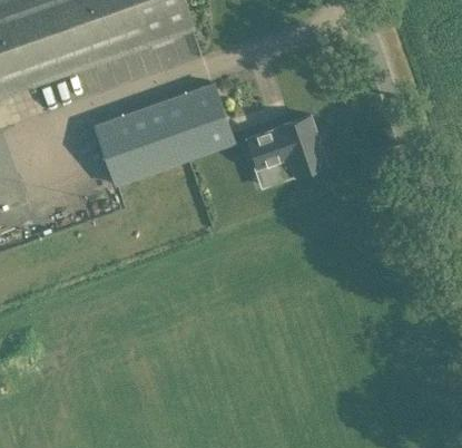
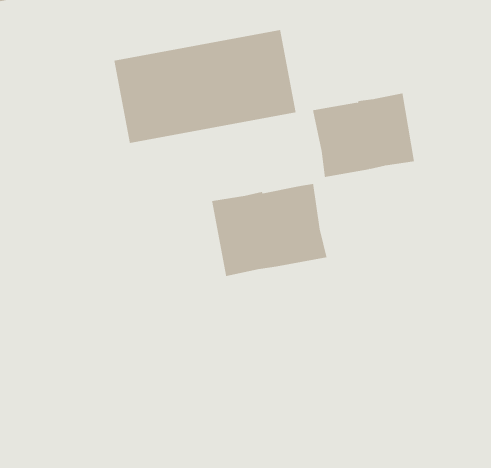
building: none -> [211,183,327,277]

